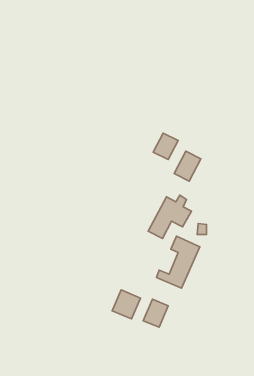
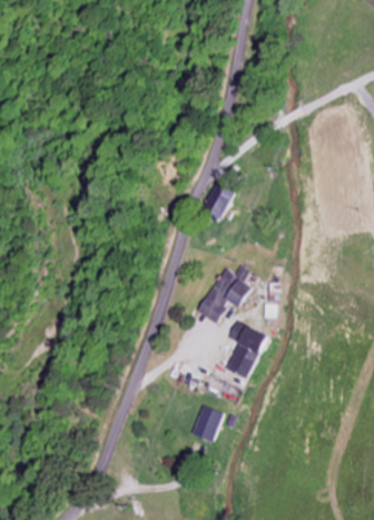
building: [174,151,201,181] -> none
building: [112,290,140,319] -> none

